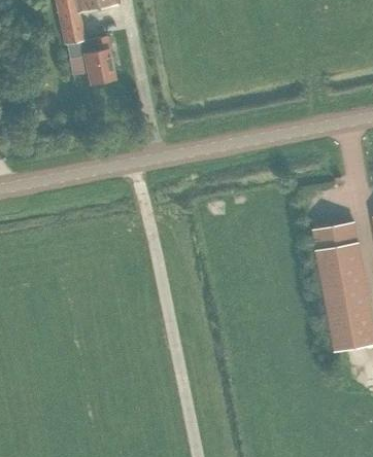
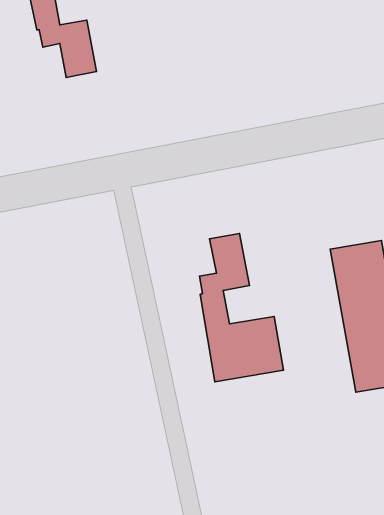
building: none -> [200,233,284,382]

